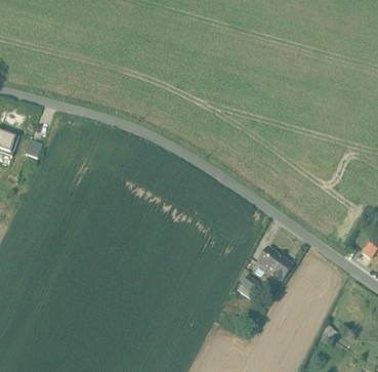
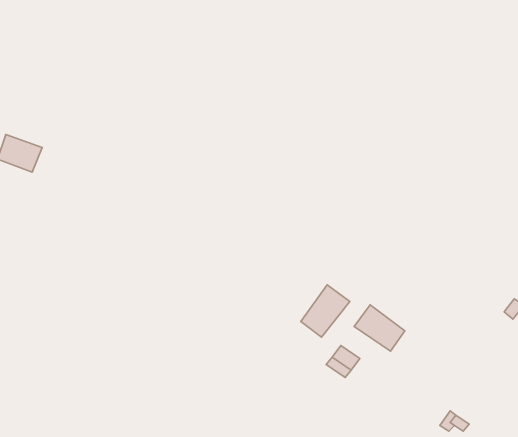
building: none -> [301,285,350,337]

